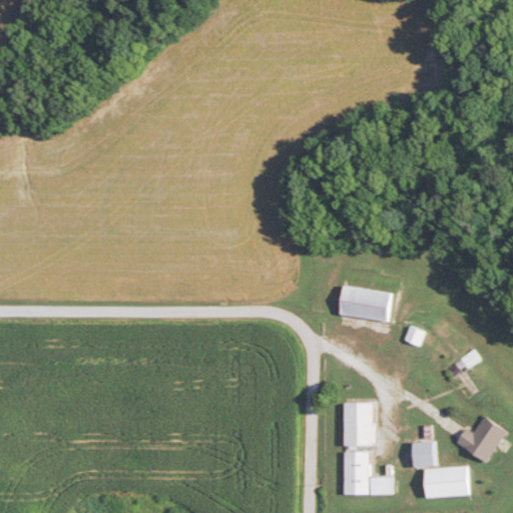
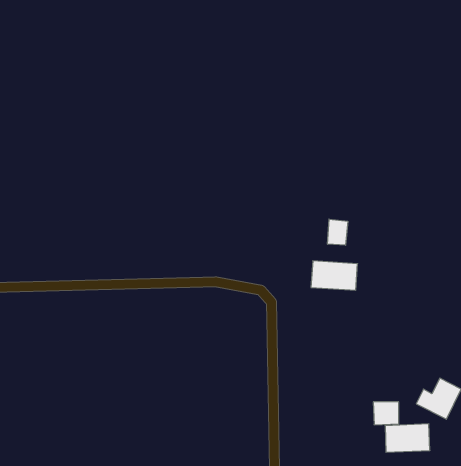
building: none -> [328,219,348,245]
building: [343,403,394,495] -> none

